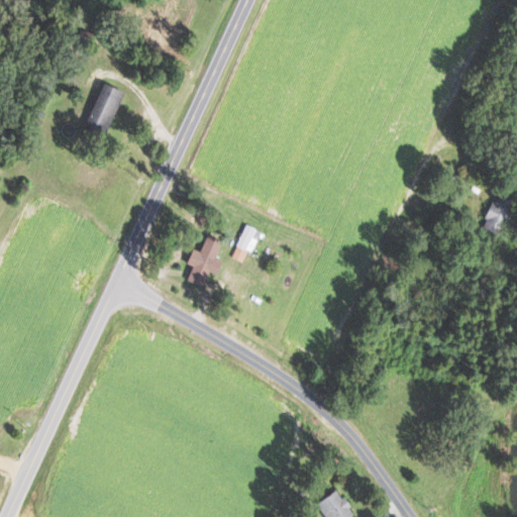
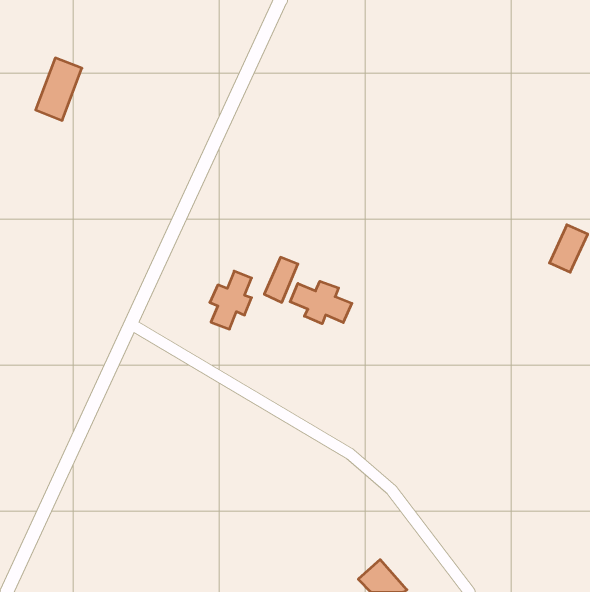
building: [83,83,123,137] -> [36,58,82,120]
building: none -> [290,281,352,324]

